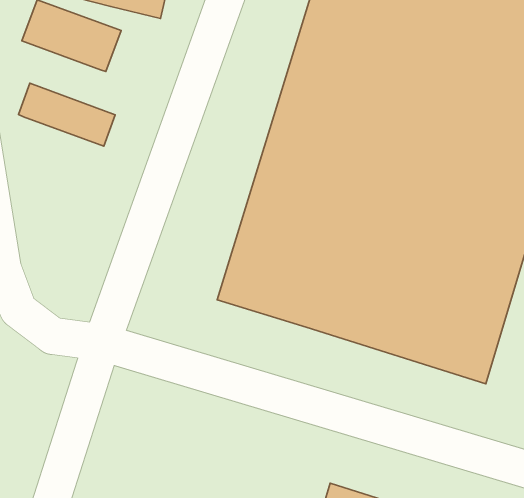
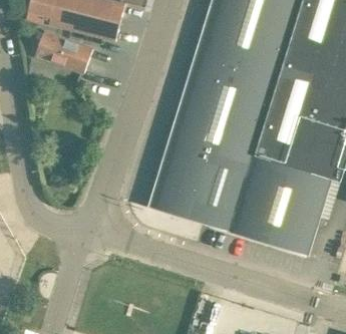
building: [18,83,115,146] -> none

